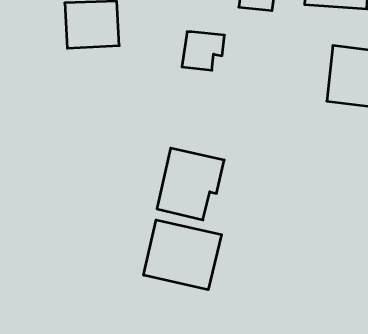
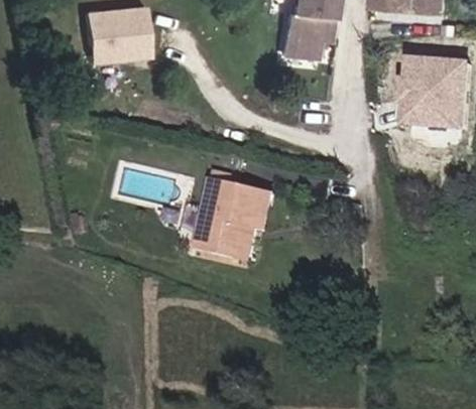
building: [182,32,225,70] -> [281,12,332,57]
building: [144,220,222,290] -> none

